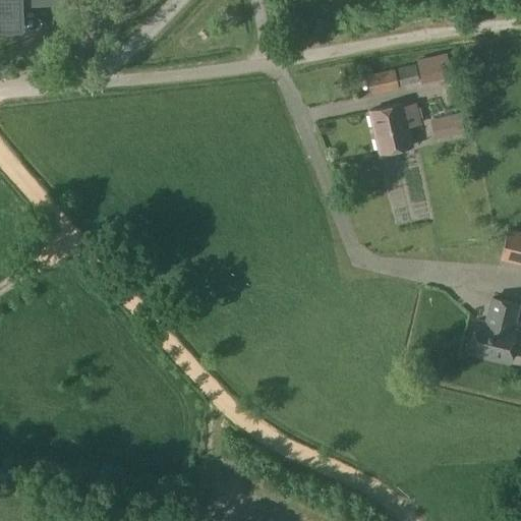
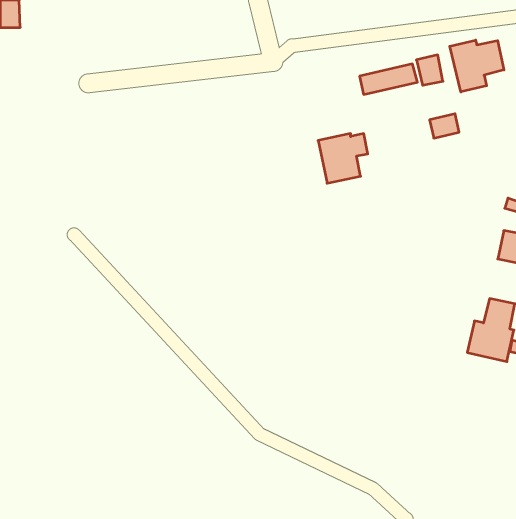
building: none -> [450,40,504,92]
building: [371,103,421,153] -> [318,134,368,183]

